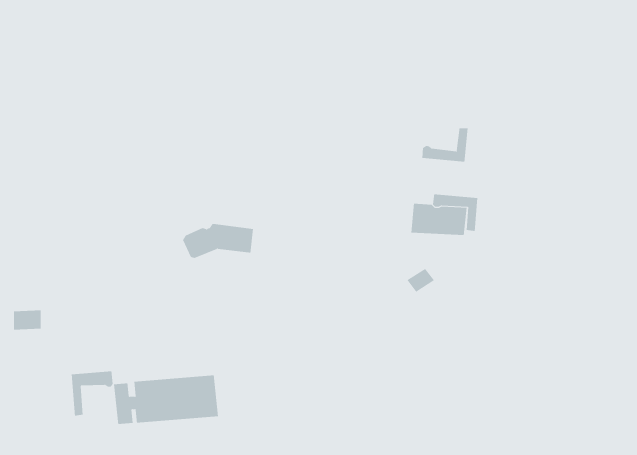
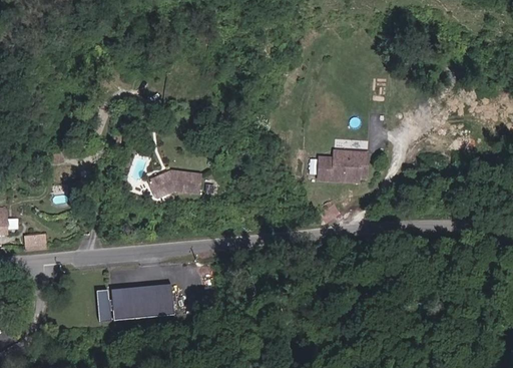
building: [422,127,468,162] -> none
building: [71,370,113,417] -> none

